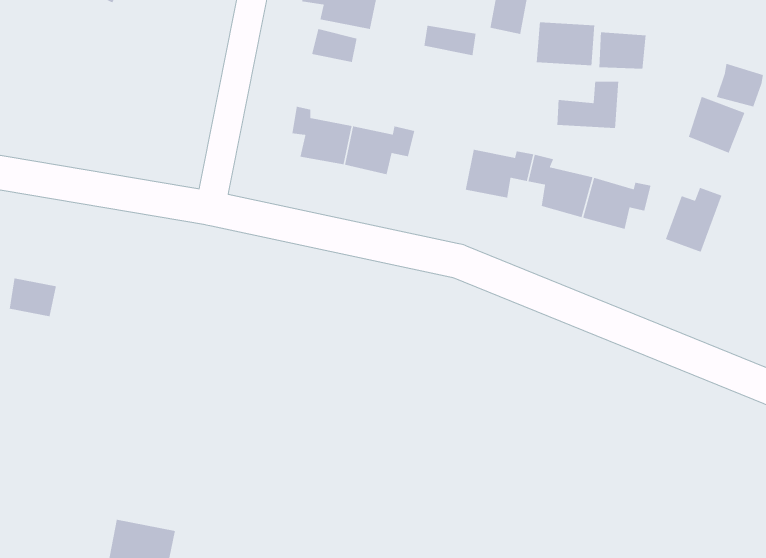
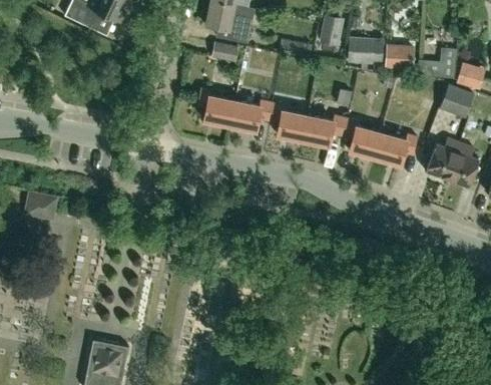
building: [556,81,619,129] -> [417,48,455,77]
building: none -> [270,103,309,139]
building: none -> [447,142,478,185]

